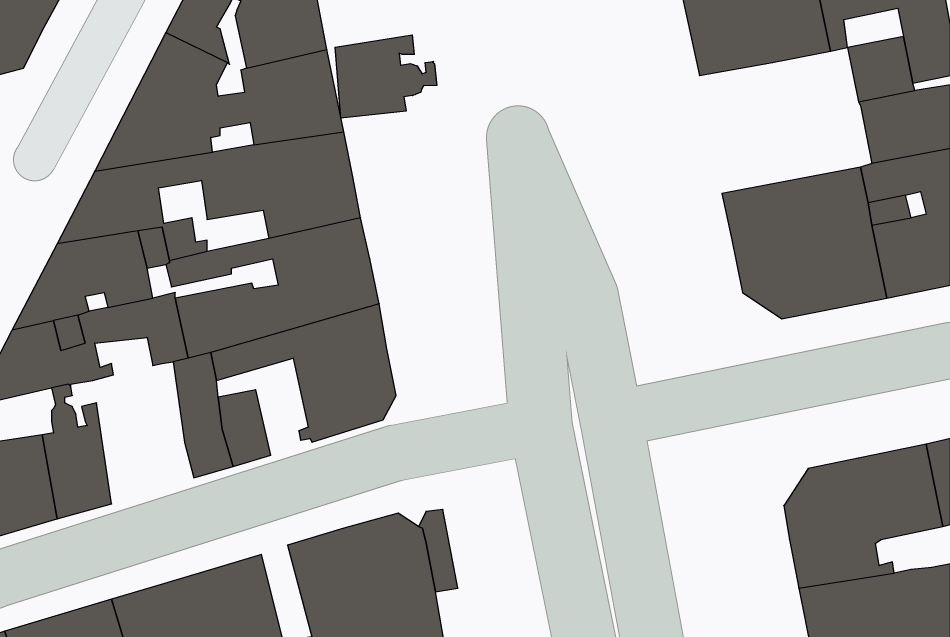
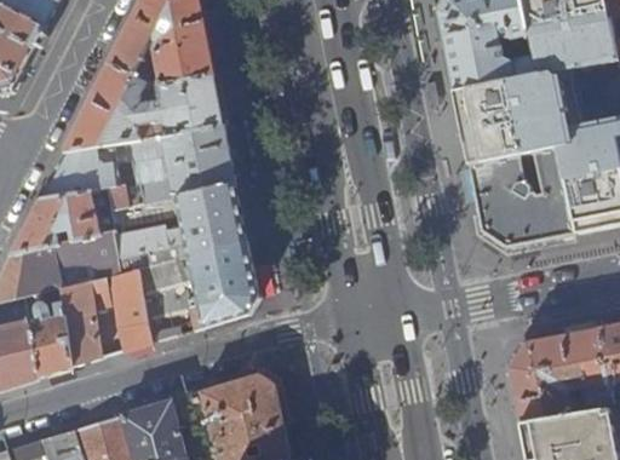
building: [335,35,437,118] -> none
building: none -> [453,81,564,166]
building: none -> [61,276,110,367]

